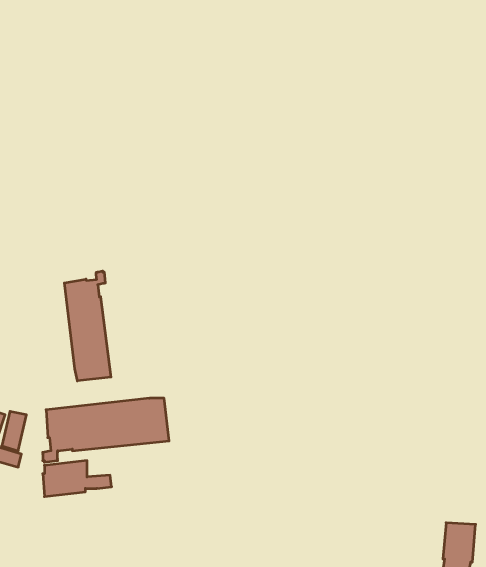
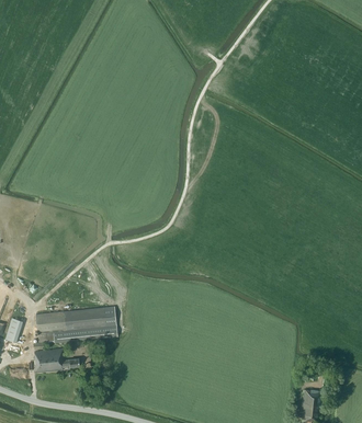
building: [64,271,111,381] -> none

